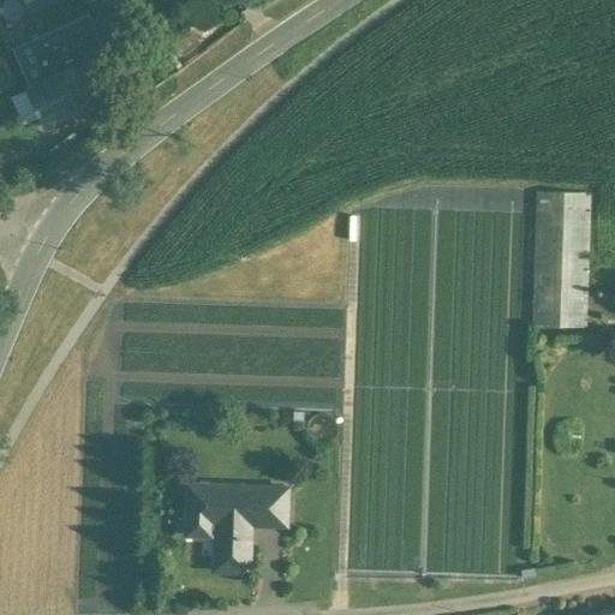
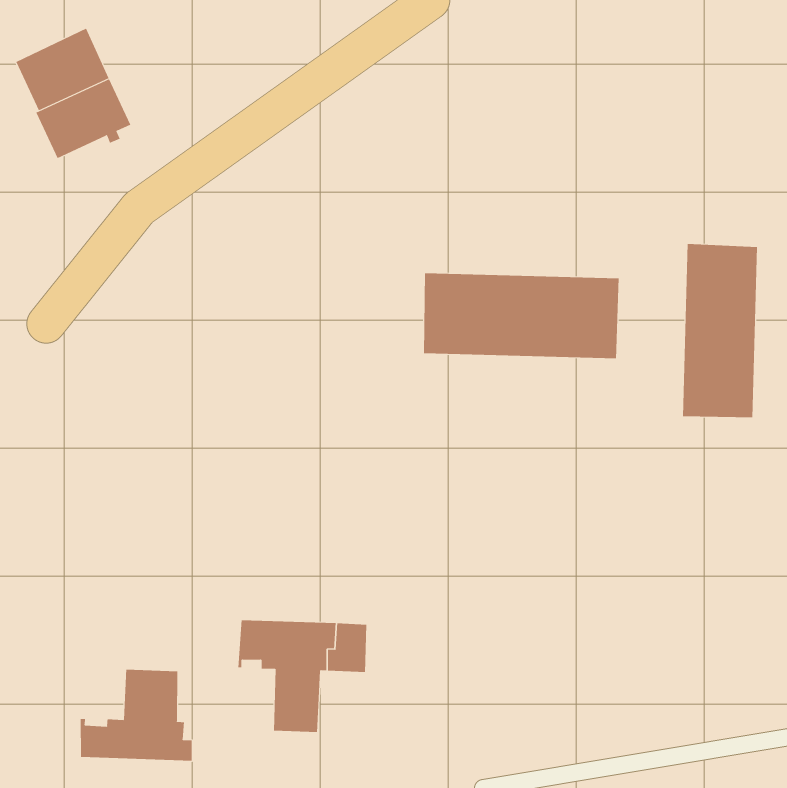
building: none -> [424,273,619,359]
building: none -> [80,669,192,761]

